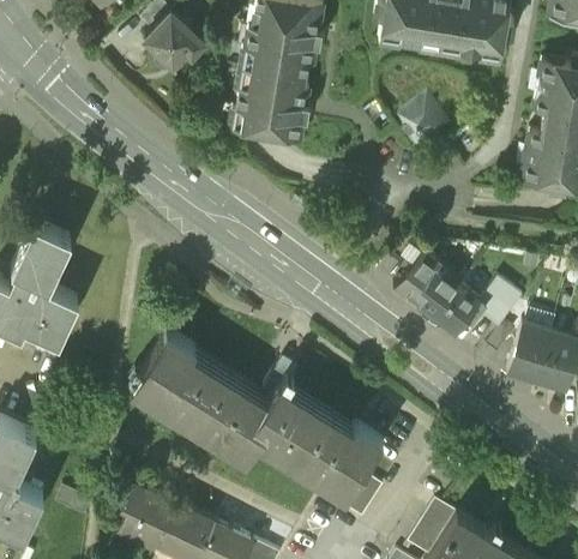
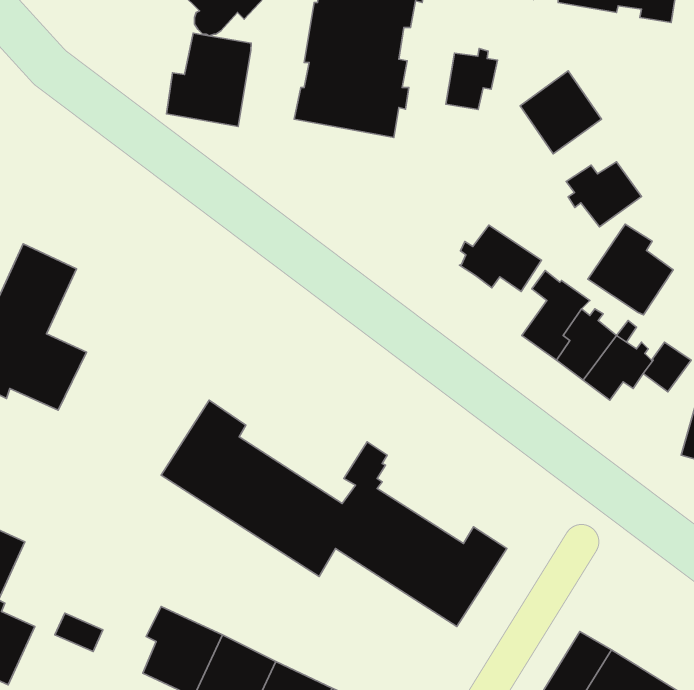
building: none -> [167,33,251,127]
building: none -> [446,49,497,110]
building: none -> [566,162,642,227]
building: none -> [588,224,673,315]
building: none -> [460,225,542,291]
building: [341,475,384,522] -> none

